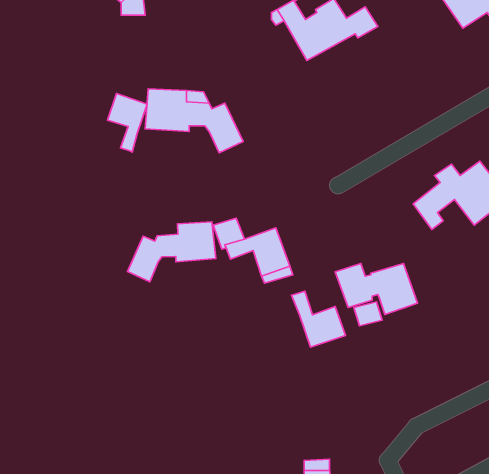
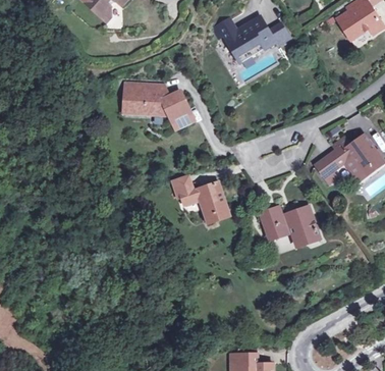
building: [108,93,147,152] -> none
building: [128,222,216,282] -> none
building: [291,291,345,347] -> none

